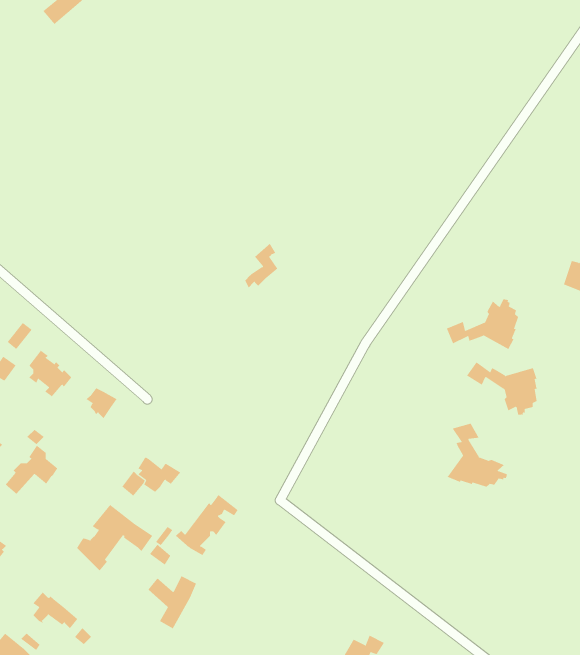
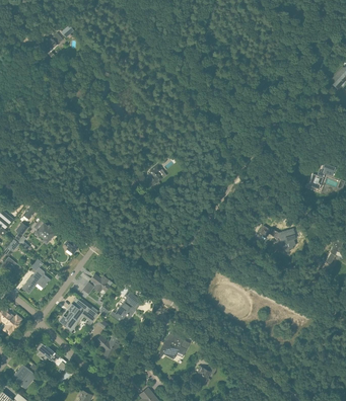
building: [446,298,519,350] -> none
building: [447,423,508,487] -> none
building: none -> [158,332,190,357]

